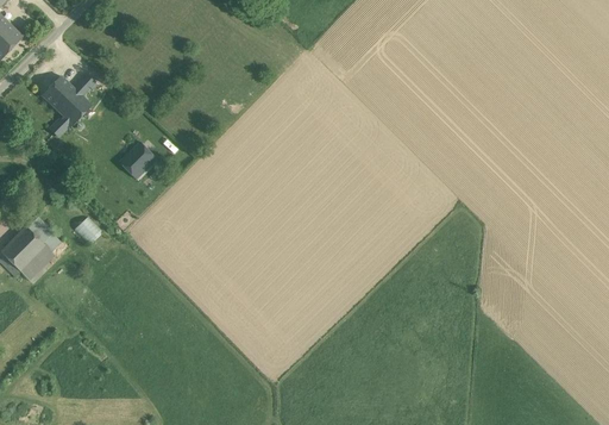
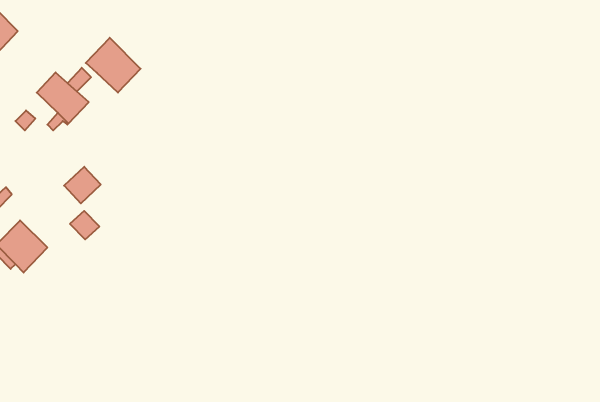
building: none -> [86,38,141,93]
building: [120,140,157,177] -> [64,167,101,203]

